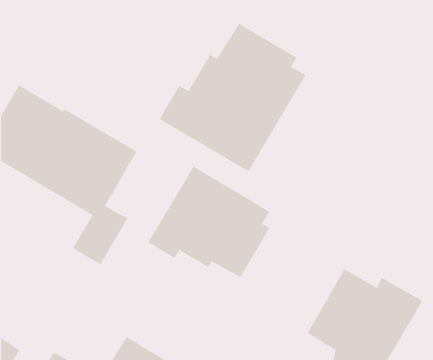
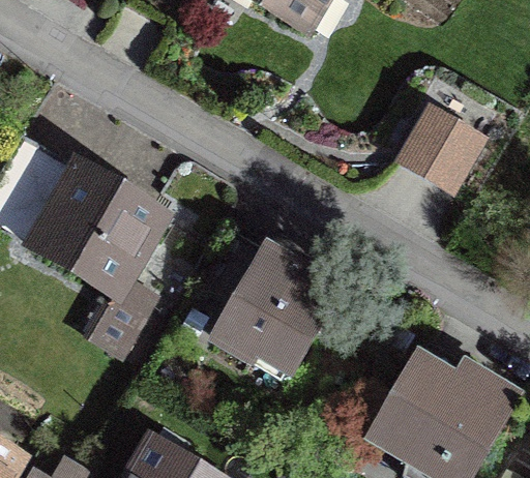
building: [159,23,306,172] -> none
building: none -> [399,108,484,193]

